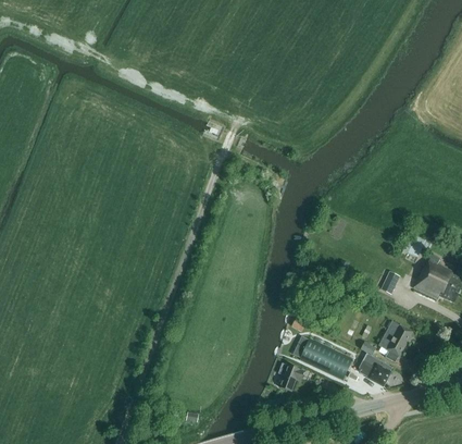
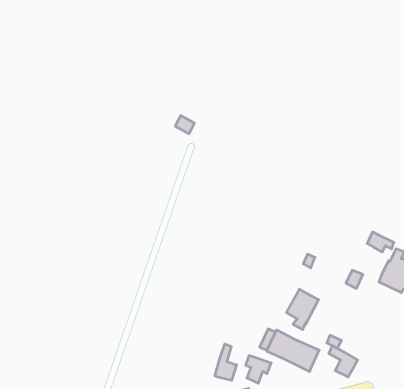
building: [379,321,412,362] -> [287,289,319,330]
building: none -> [215,344,237,380]

